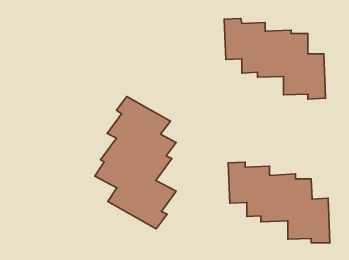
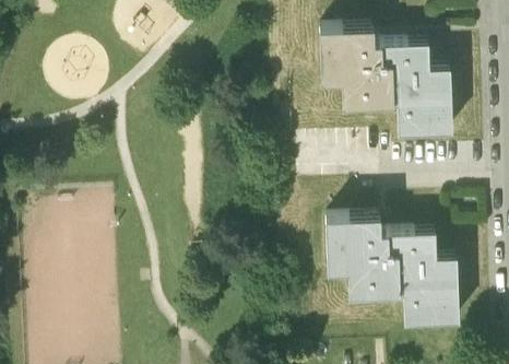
building: [95,96,176,229] -> none

